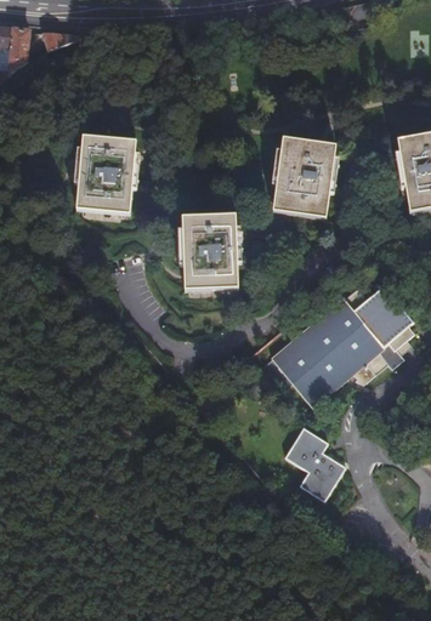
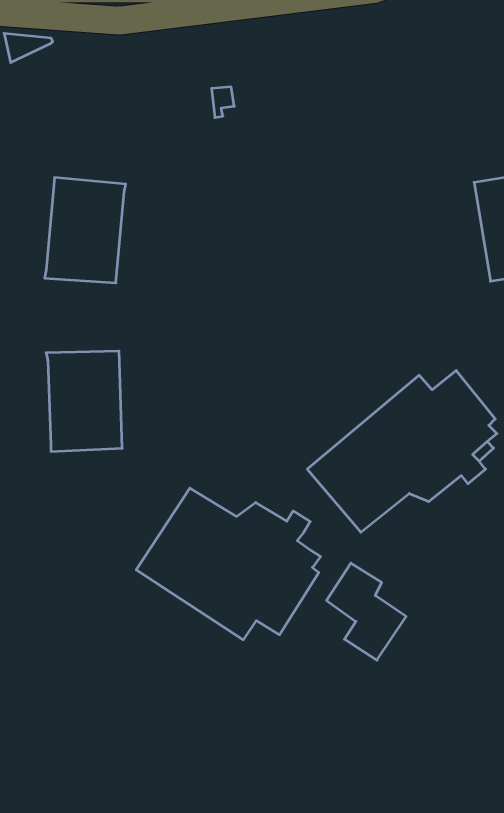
building: [272,137,336,217] -> none
building: [180,215,237,290] -> [46,351,122,451]
building: none -> [136,488,321,640]

